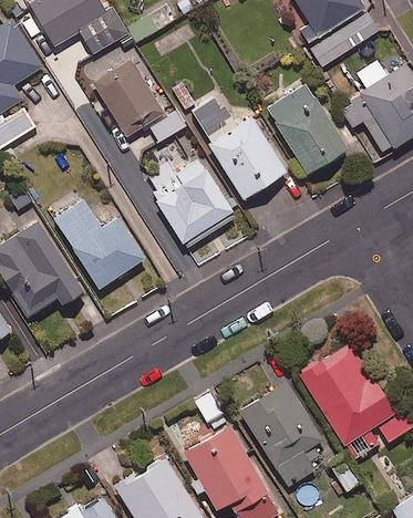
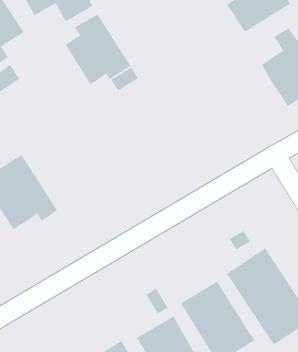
building: [266,84,348,175] -> none
building: [188,94,287,200] -> none
building: [145,160,235,248] -> none
building: [53,199,144,289] -> none

